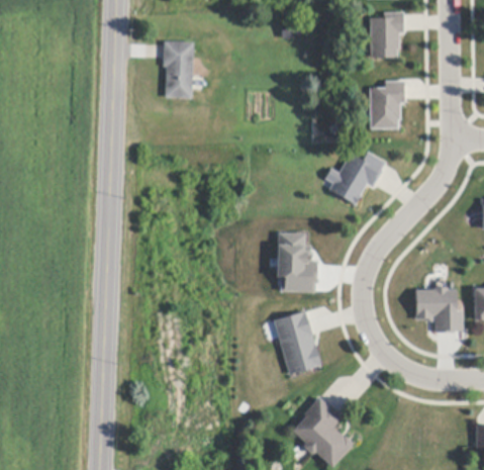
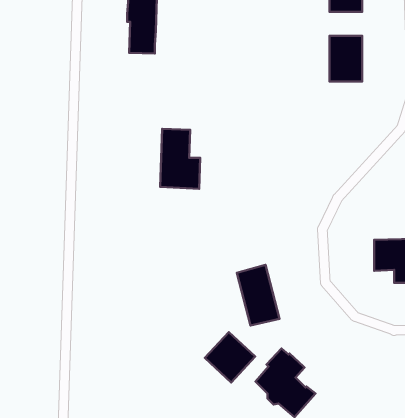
building: [320,150,384,205] -> none
building: [276,231,316,292] -> [160,129,200,189]
building: none -> [205,332,255,382]

